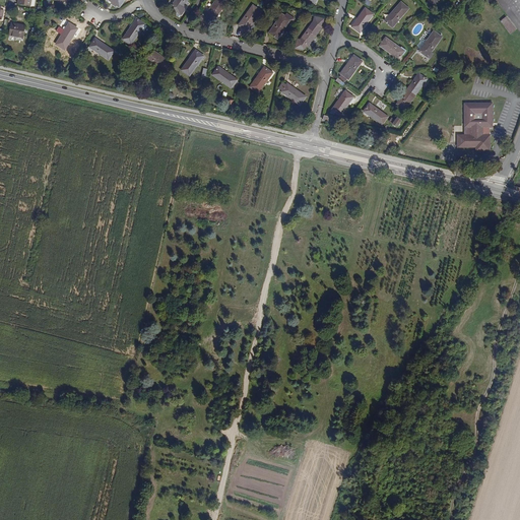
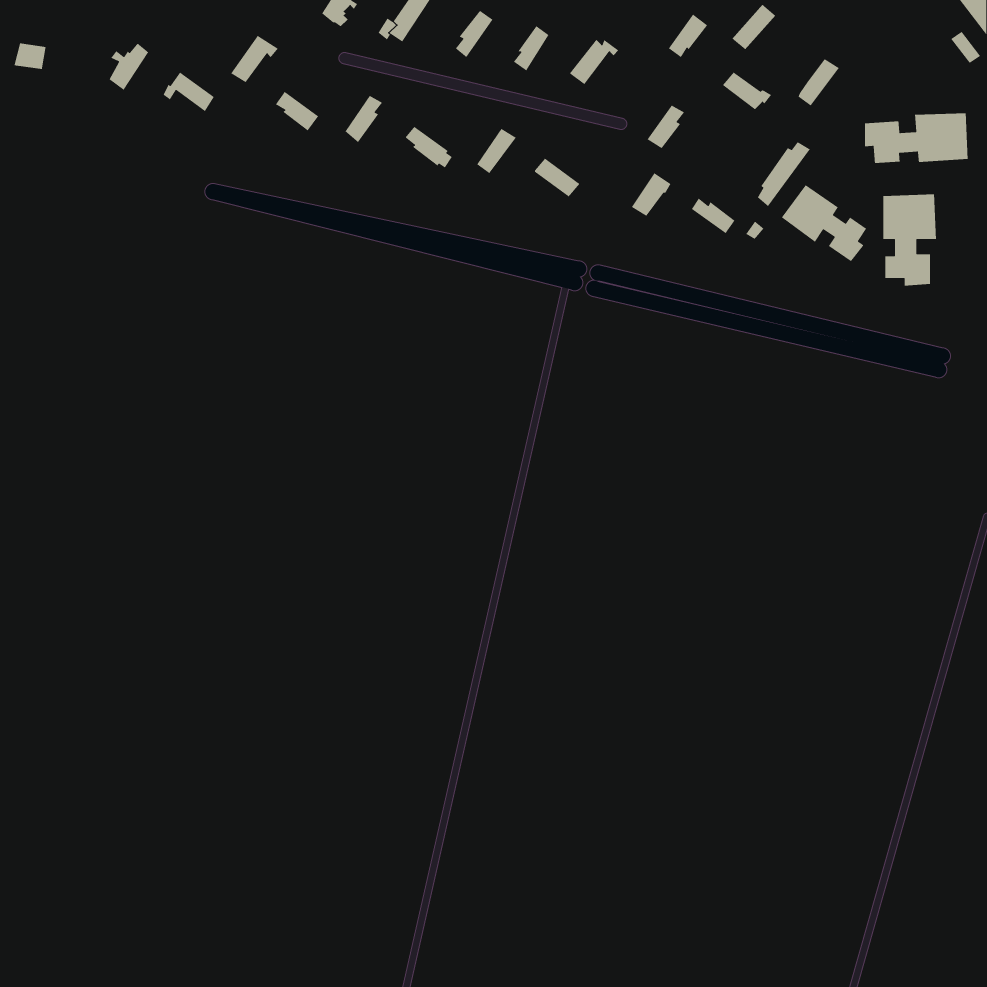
building: none -> [864,112,968,164]
building: none -> [781,184,867,262]

